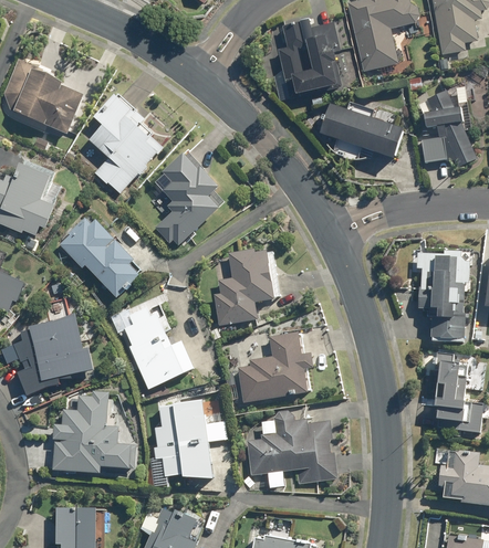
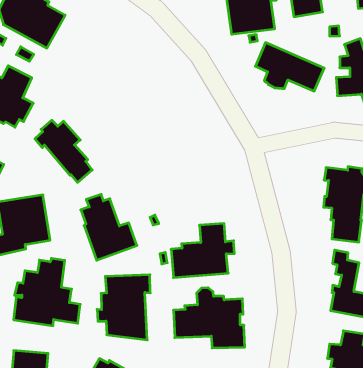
building: [89,91,159,192] -> none
building: [155,150,219,243] -> none
building: [212,249,275,325] -> none

